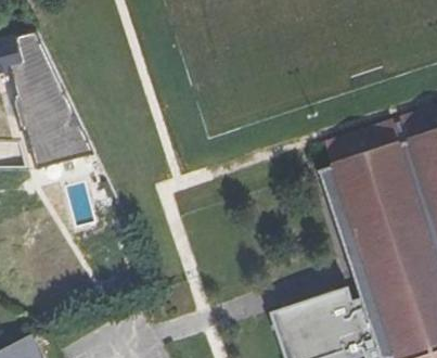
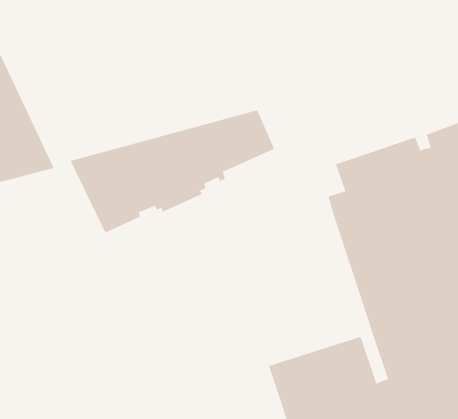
building: none -> [70,110,275,233]

